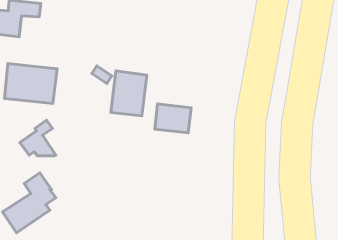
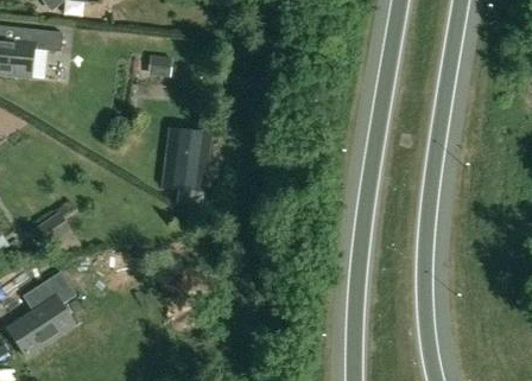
building: [5,63,57,104] -> none
building: [155,104,191,133] -> none

